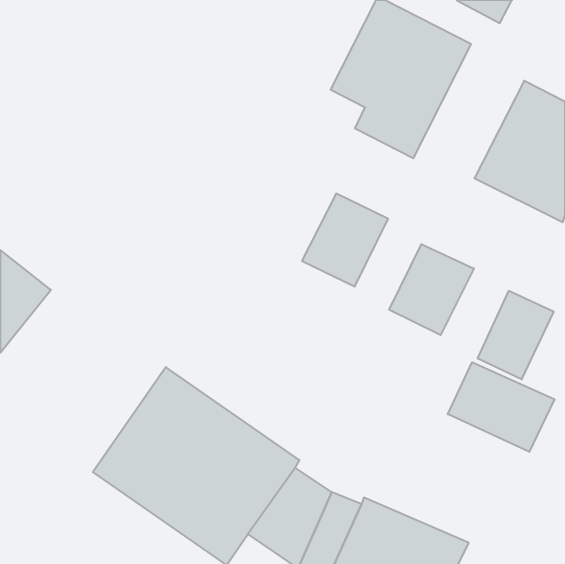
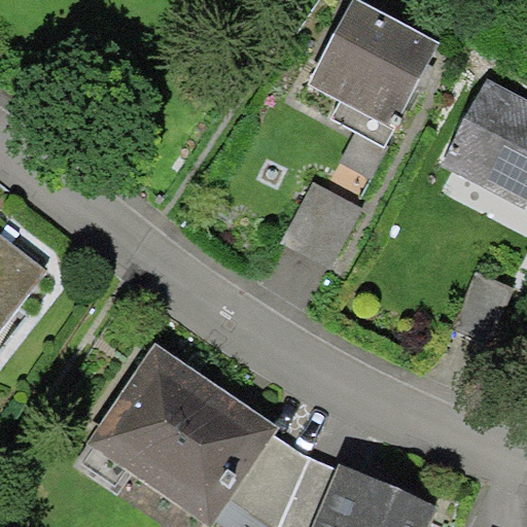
building: [389,244,474,335] -> none
building: [448,362,554,452] -> none

